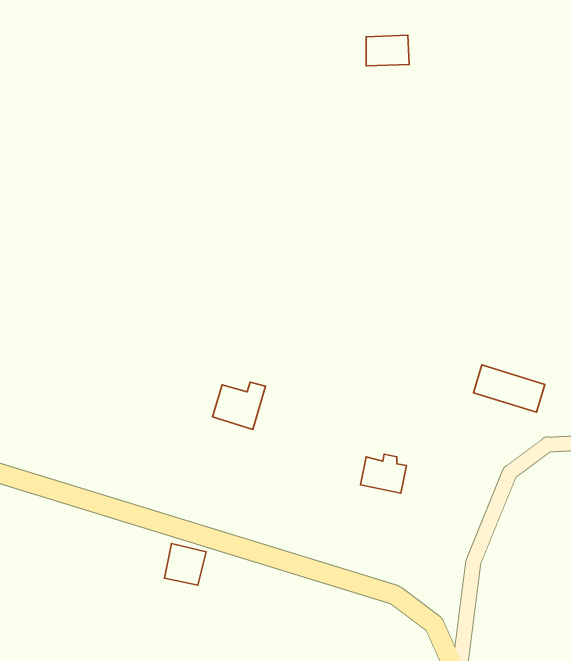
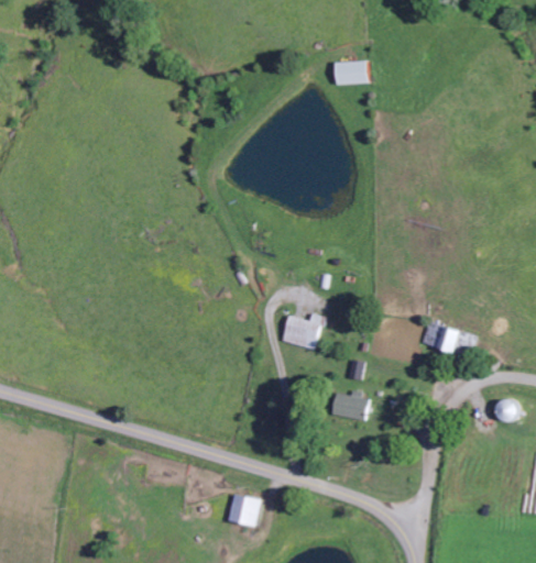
building: [212,382,265,430] -> [281,313,322,351]
building: [164,543,206,585] -> [228,494,261,527]

